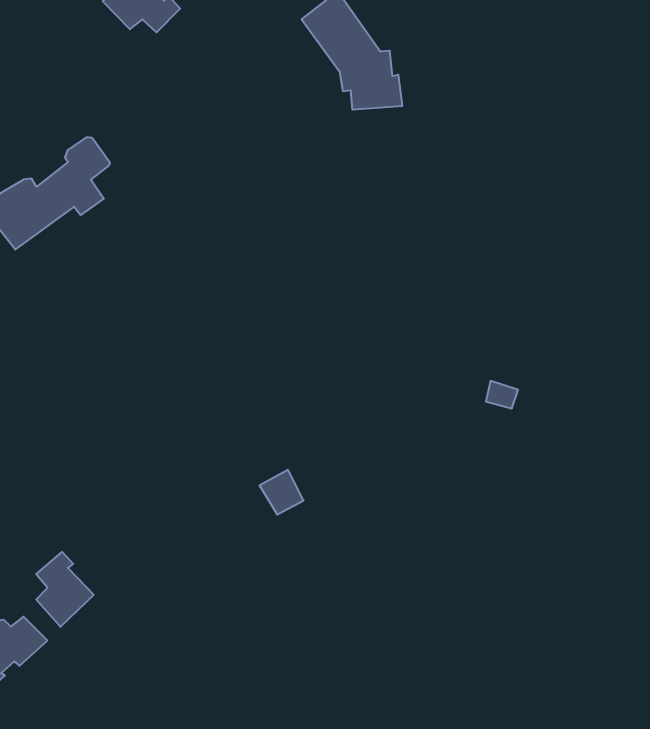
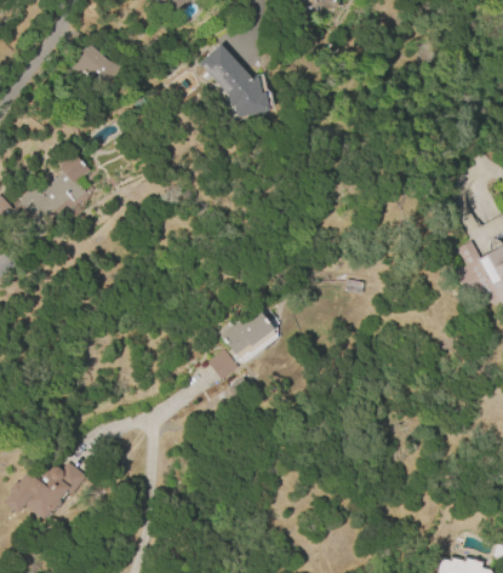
building: none -> [222,306,275,354]
building: [36,552,94,627] -> none

